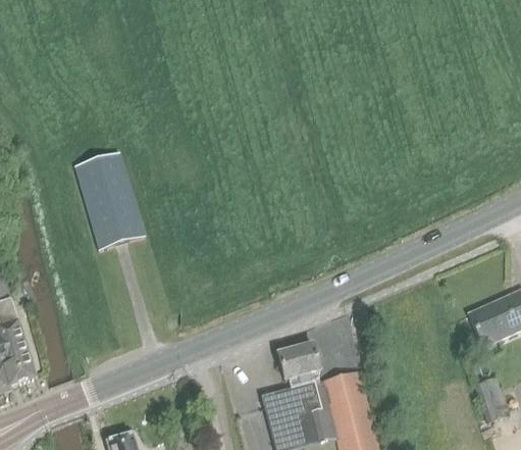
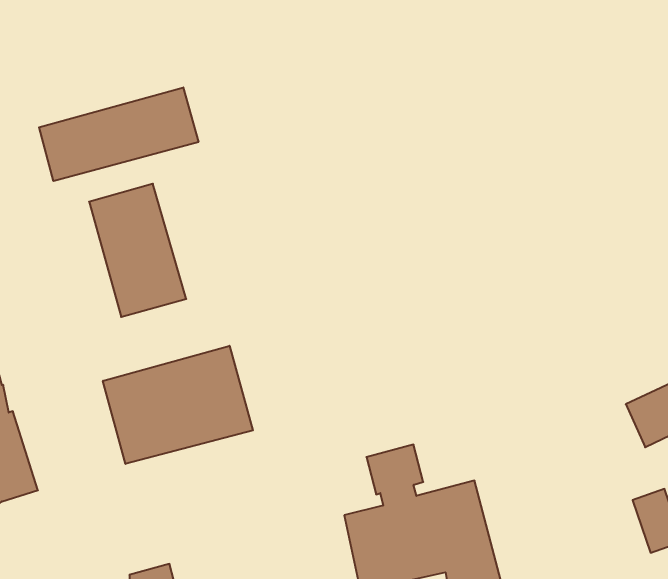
building: none -> [39,87,198,181]
building: none -> [103,346,253,464]

